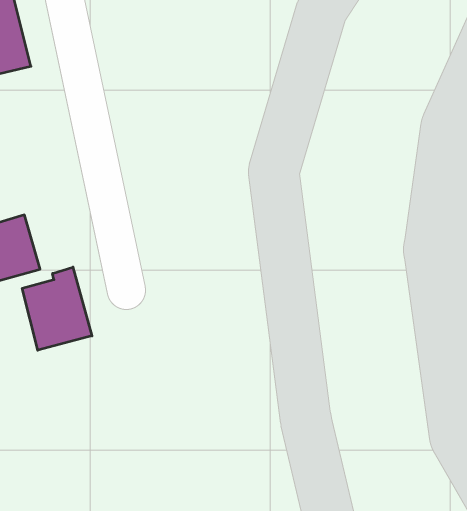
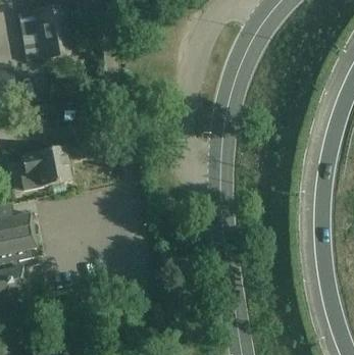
building: [22,267,92,350] -> none

